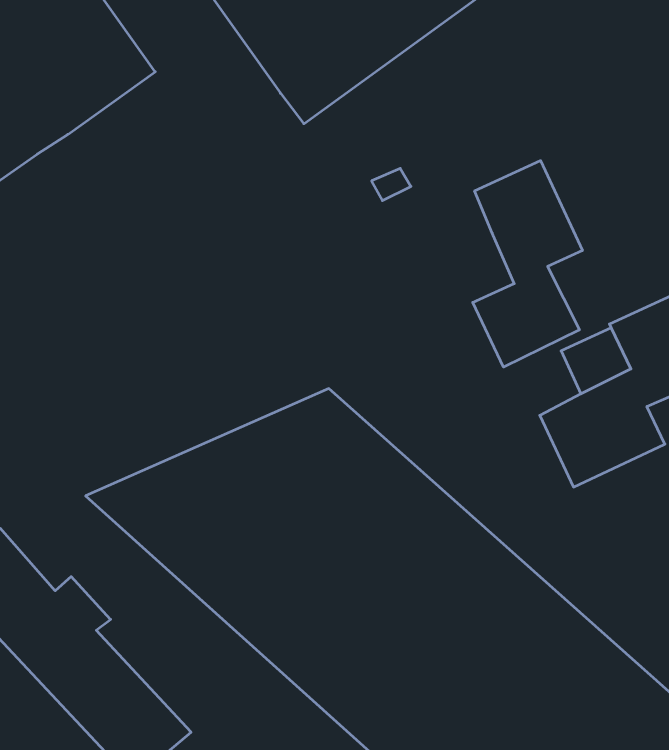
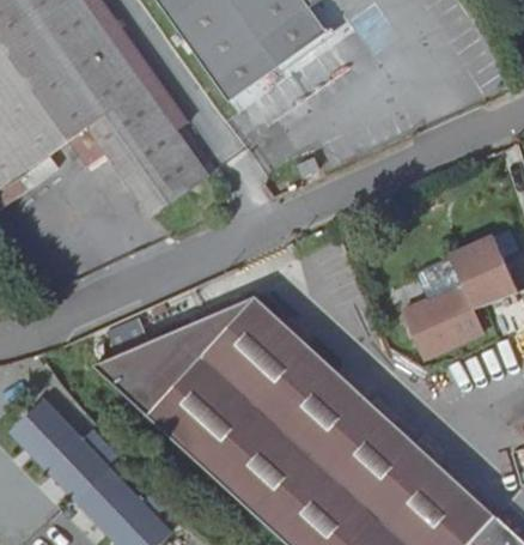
building: none -> [66,86,206,214]
building: [473,161,582,367] -> none

